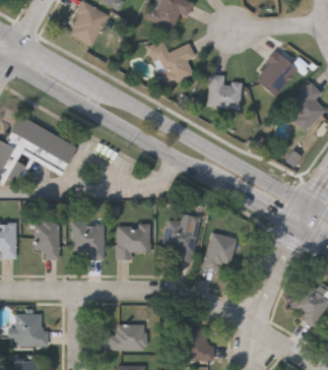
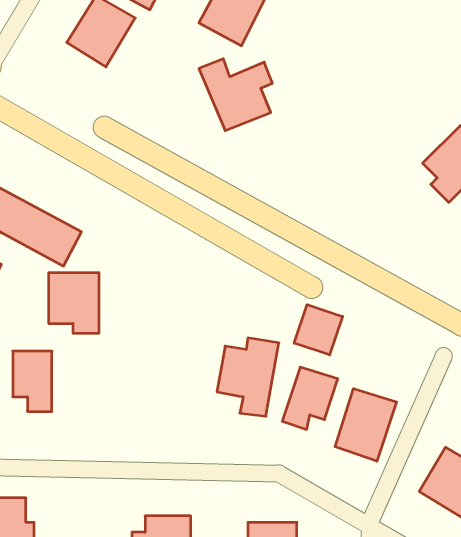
building: [256,51,300,96] -> none
building: [209,73,244,109] -> none
building: none -> [294,305,343,355]
building: [72,223,104,260] -> [49,273,99,333]
building: [117,225,150,260] -> none
building: none -> [335,389,397,461]

